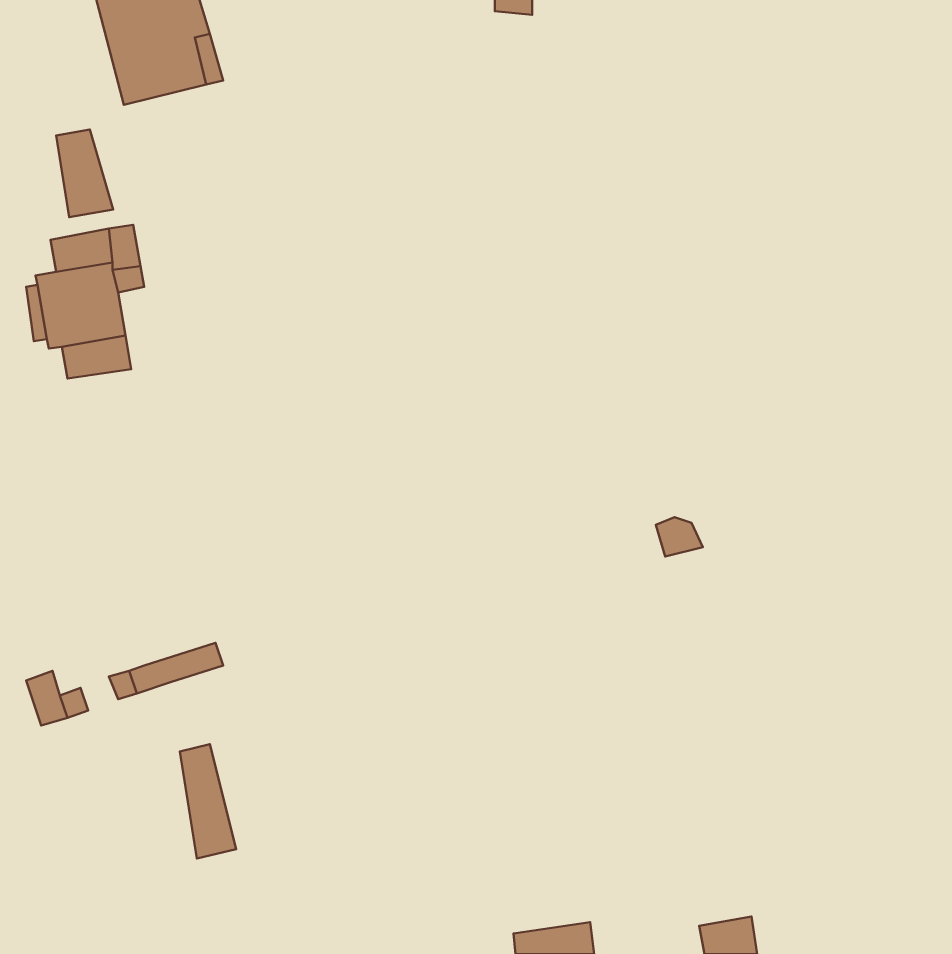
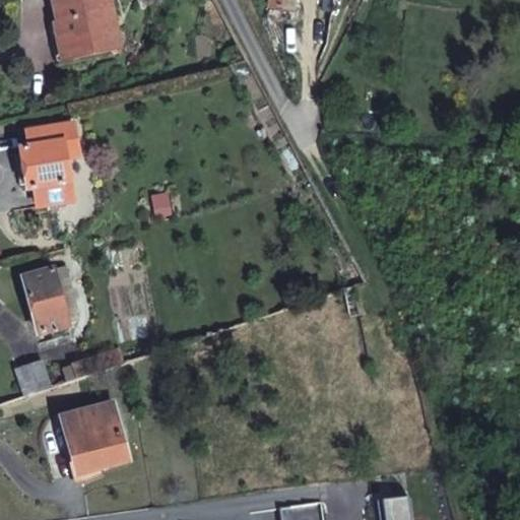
building: [56,130,113,217] -> none
building: none -> [21,269,69,334]
building: none -> [63,407,107,471]

